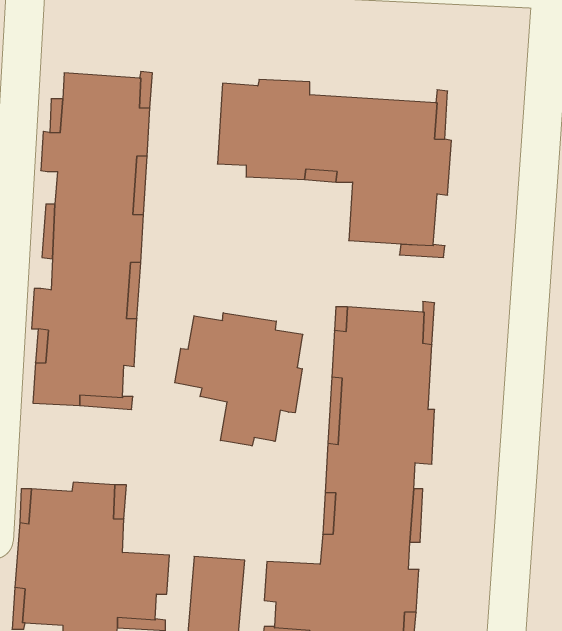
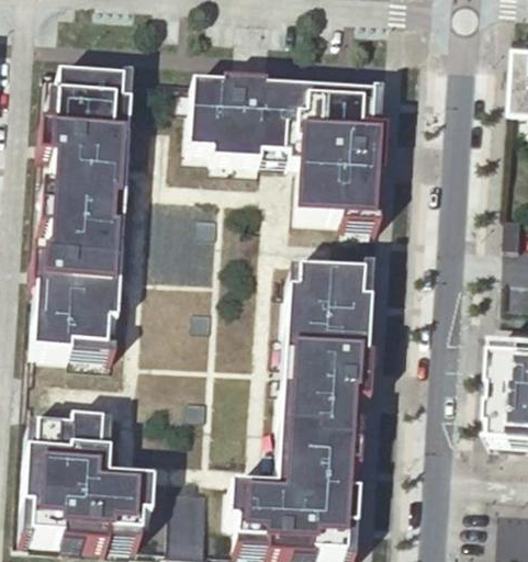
building: [175,313,303,446] -> none

